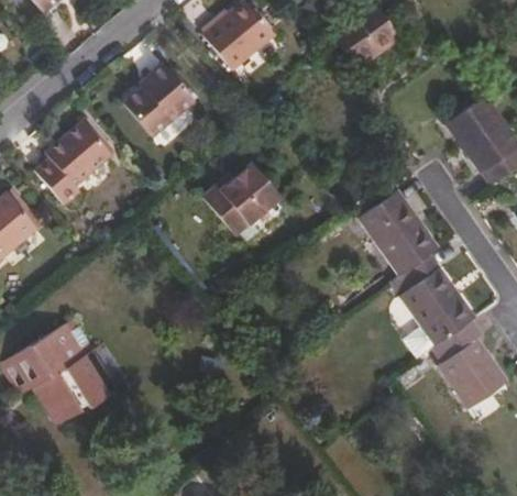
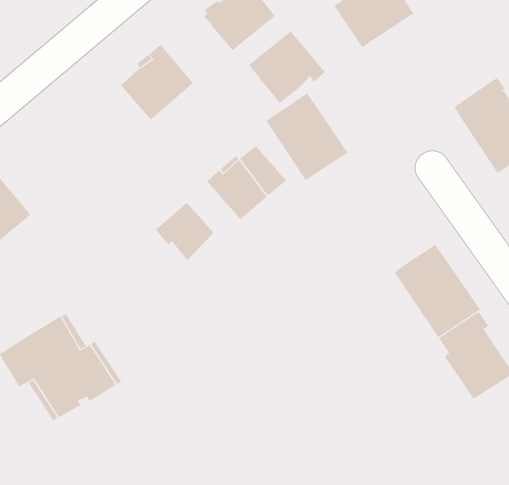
building: none -> [248,30,325,104]
building: [35,121,111,205] -> none
building: [359,191,439,277] -> [265,92,348,181]
building: none -> [155,202,214,261]

